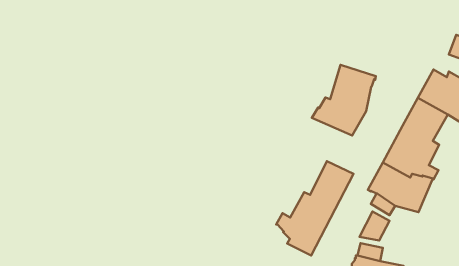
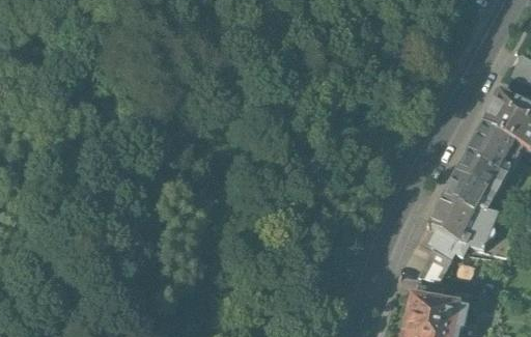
building: [312,65,376,135] -> none
building: [276,161,354,255] -> none

